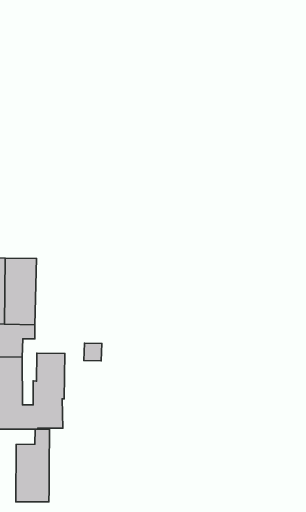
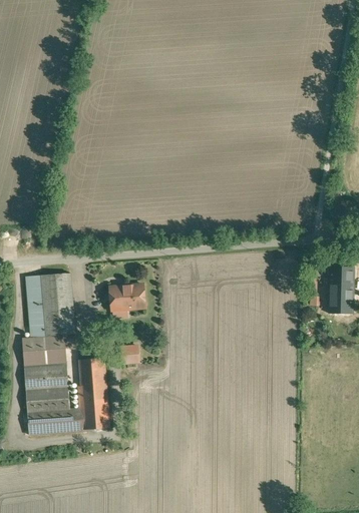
building: none -> [109,284,144,309]
building: [16,429,49,502] -> none

